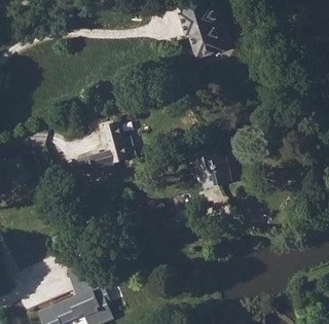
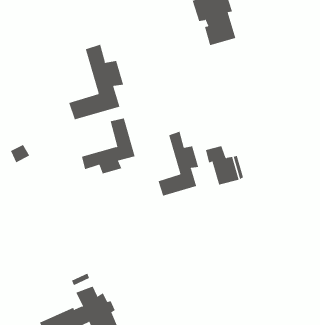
building: none -> [69,44,124,120]
building: none -> [158,131,199,196]

